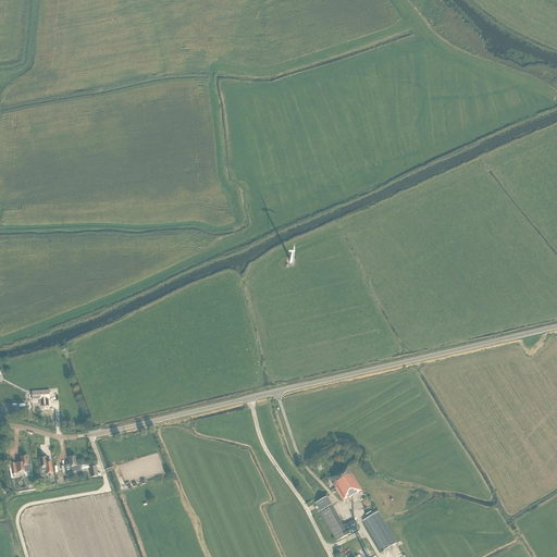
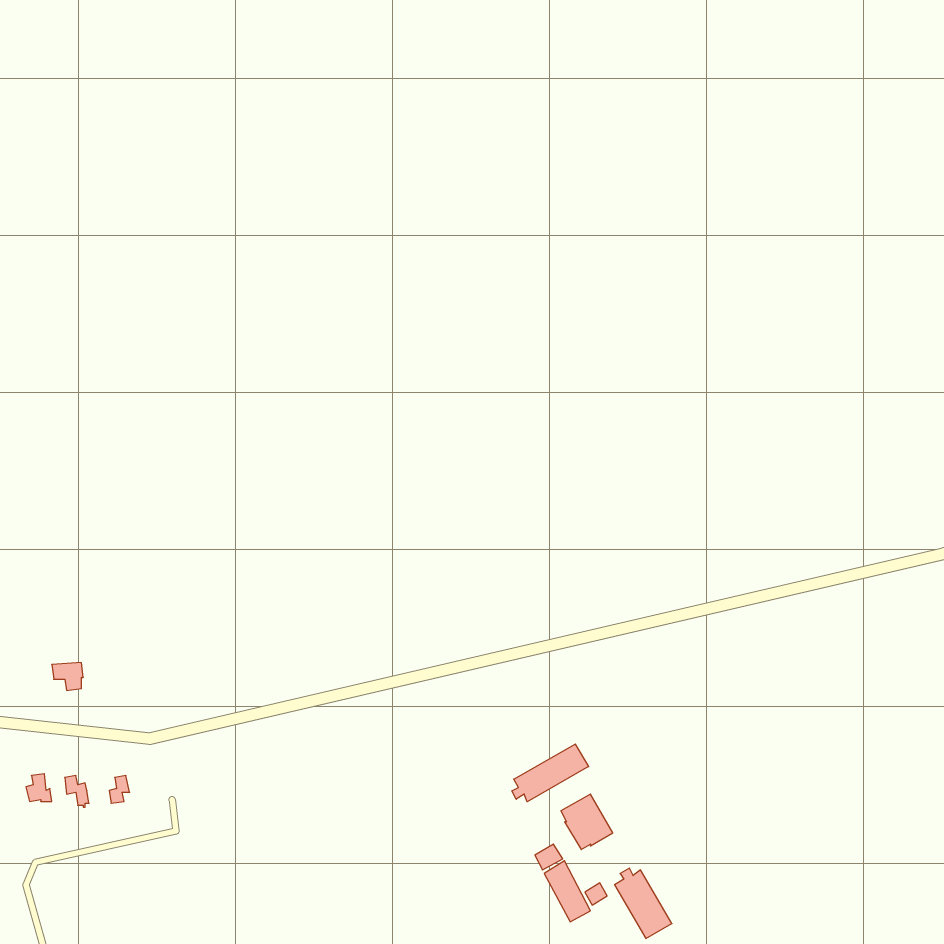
building: none -> [512,744,589,802]

